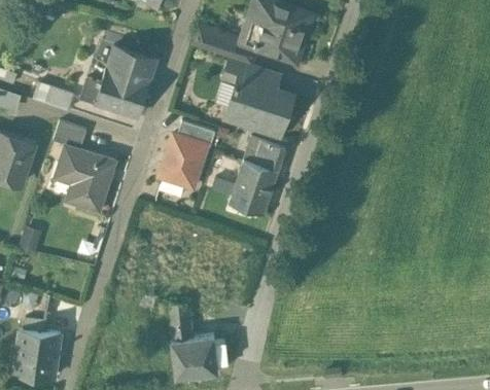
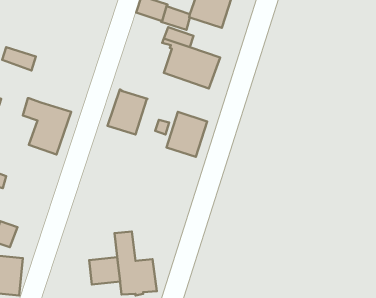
building: [80,46,156,117] -> none
building: [177,120,215,147] -> none
building: [54,121,86,149] -> none
building: [243,137,286,172] -> none
building: none -> [89,257,120,285]

